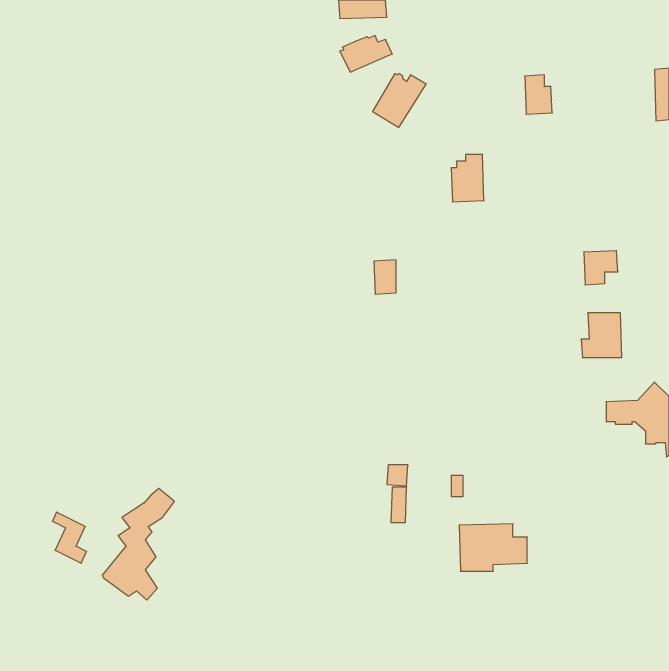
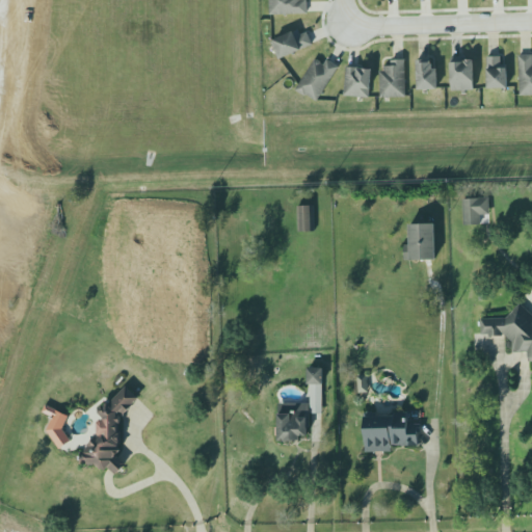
building: none -> [486,56,507,88]
building: none -> [449,58,473,90]
building: none -> [342,65,370,97]
building: [451,155,484,202] -> [378,59,404,97]
building: [581,313,622,358] -> [403,224,435,260]
building: none -> [275,403,308,441]

